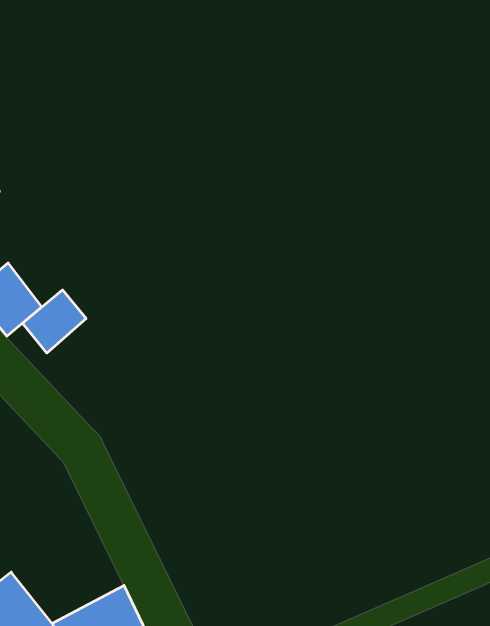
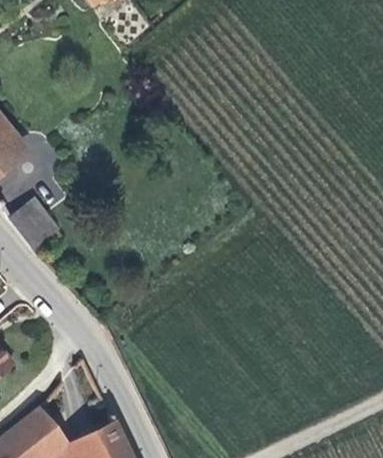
building: [23,290,86,353] -> none

